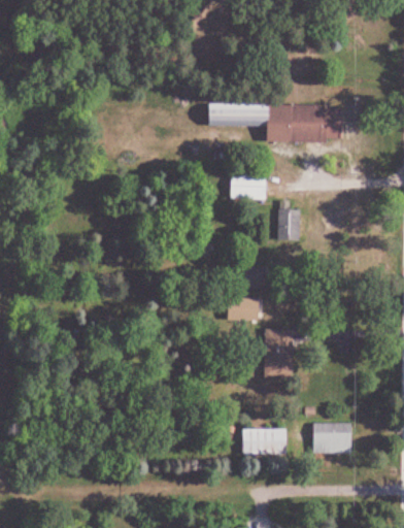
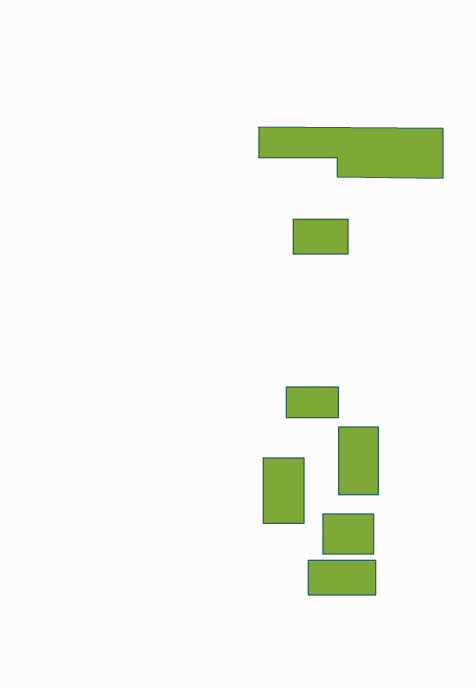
building: [279,199,302,240] -> none
building: none -> [263,458,304,523]
building: [313,423,351,453] -> [323,514,374,554]

